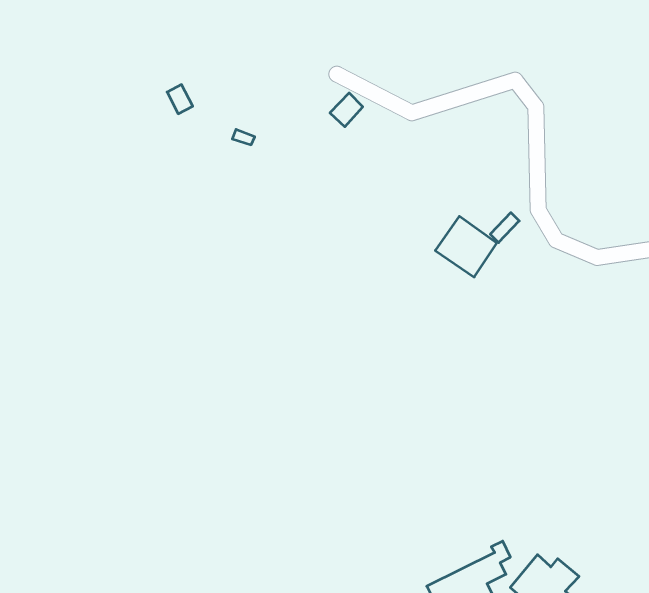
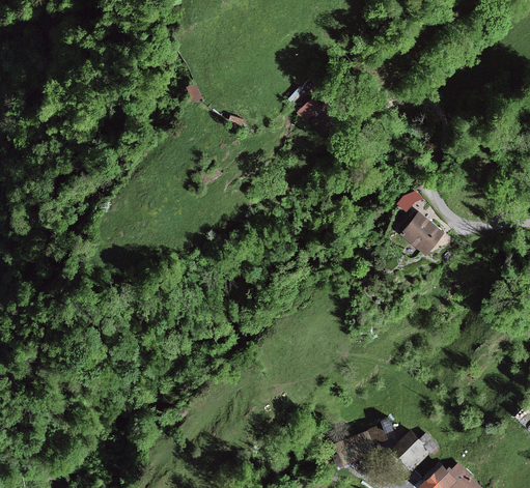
building: [435,216,497,277] -> [399,211,442,254]

